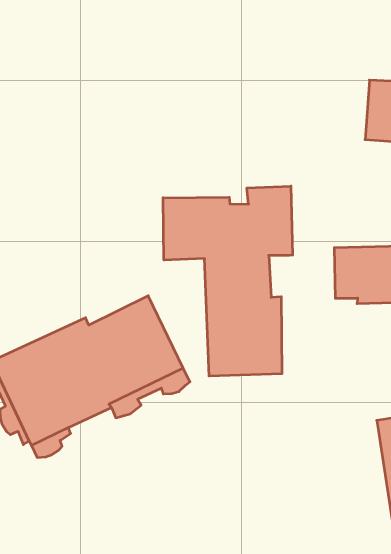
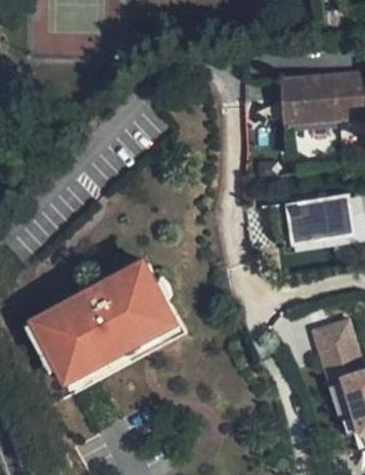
building: [163,186,293,376] -> none

